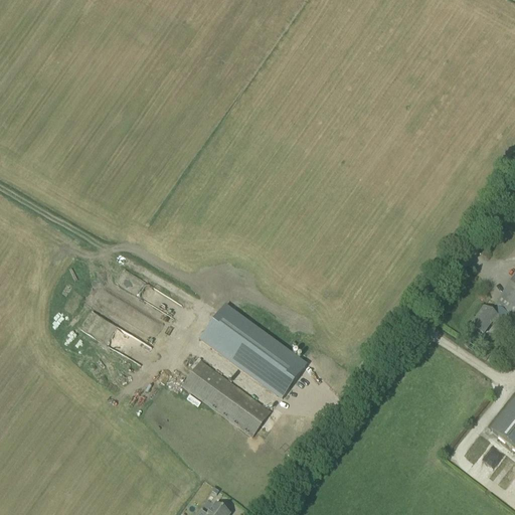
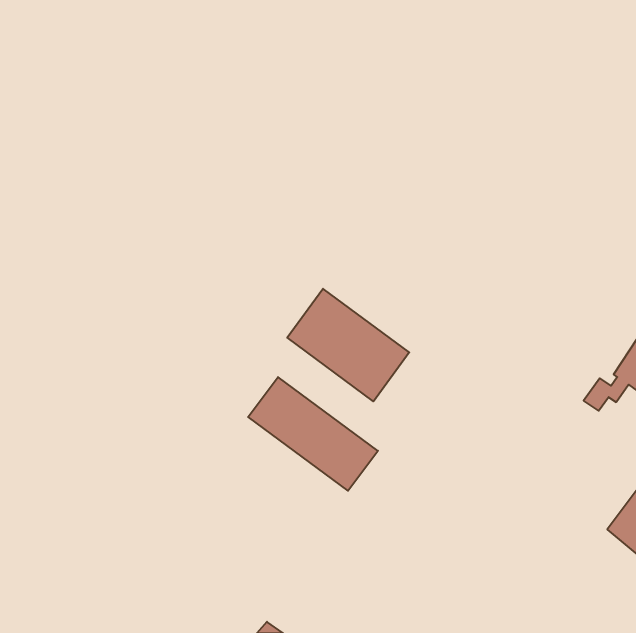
building: none -> [287,289,409,401]
building: [183,360,271,435] -> none

